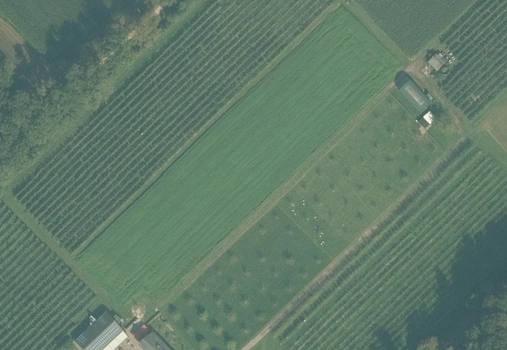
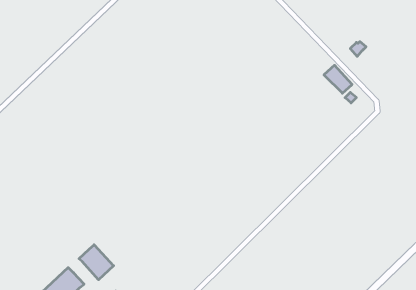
building: none -> [79,245,114,280]

